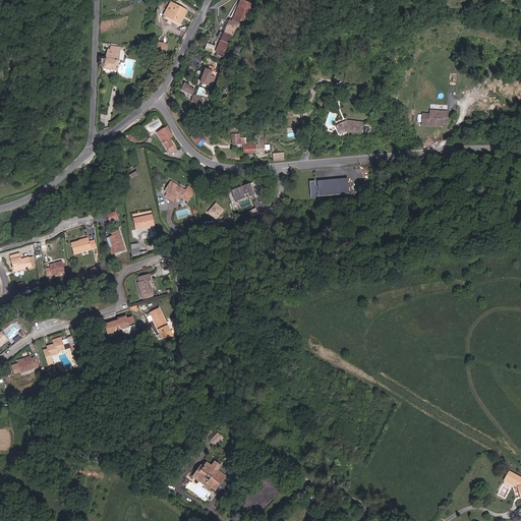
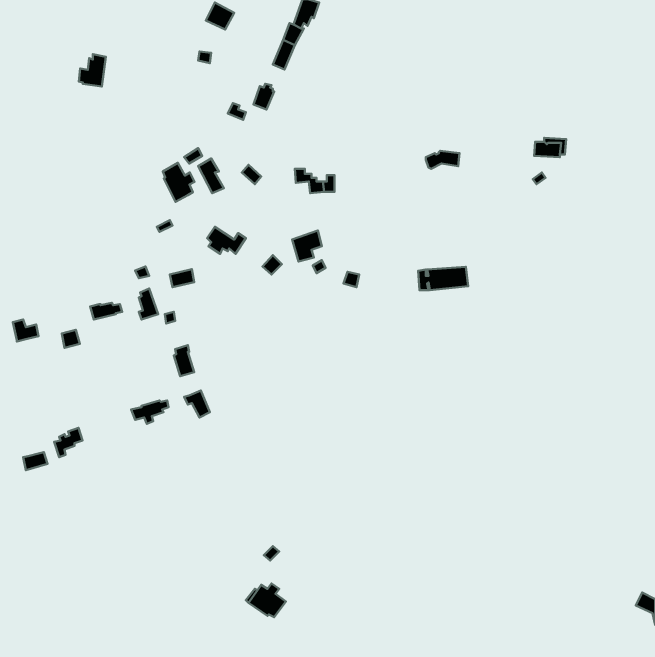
building: [100,44,121,69] -> [79,54,106,87]
building: none -> [163,163,194,202]
building: [310,177,350,195] -> [418,267,468,290]

